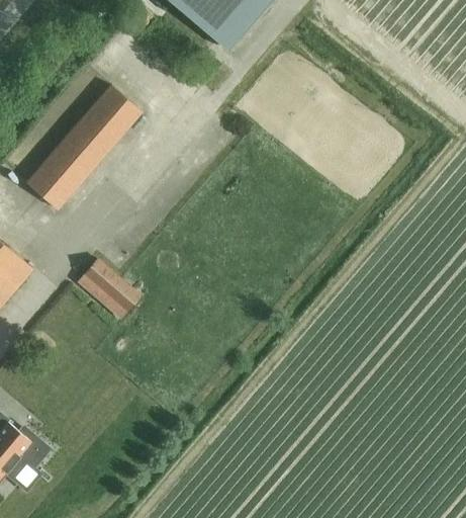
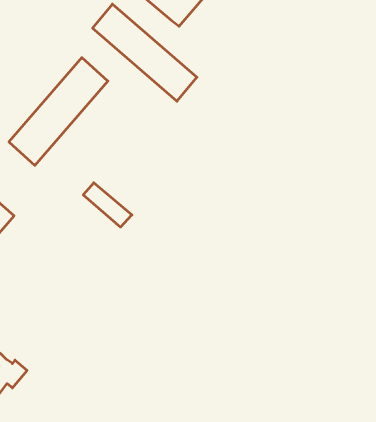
building: none -> [93,4,197,101]
building: [86,258,143,310] -> [83,183,132,227]

